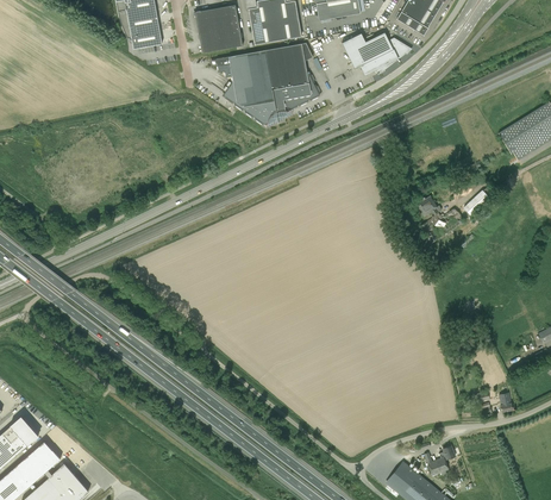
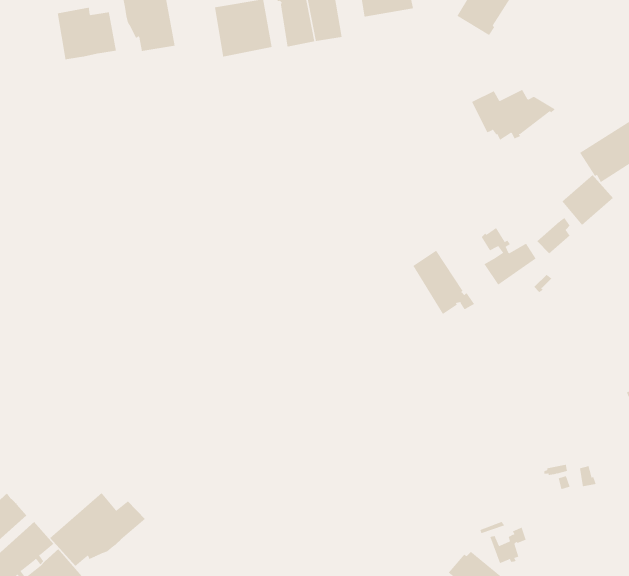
building: none -> [57,7,117,60]
building: [342,32,412,75] -> [471,89,555,140]
building: [217,43,321,126] -> none
building: none -> [562,174,614,226]
building: none -> [413,250,475,315]
building: none -> [49,492,146,567]

